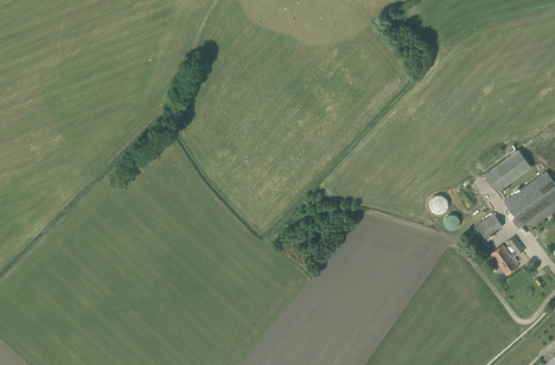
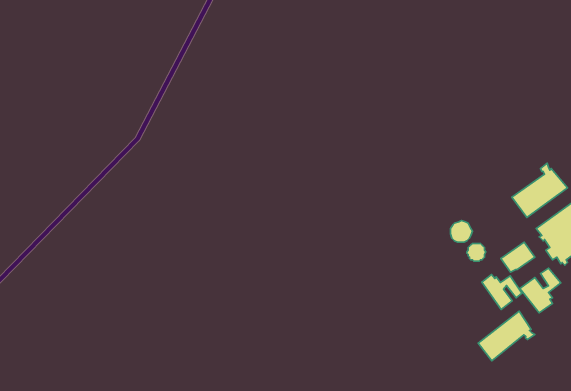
building: none -> [482,274,522,310]
building: none -> [478,311,535,361]

